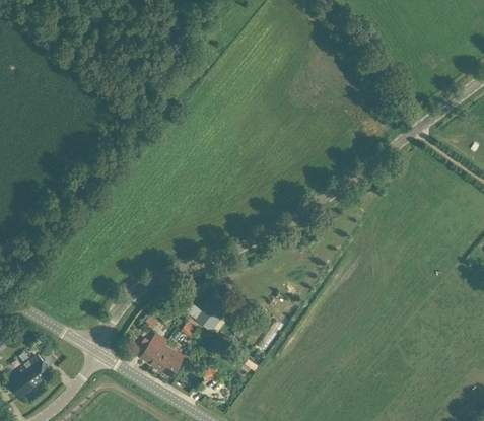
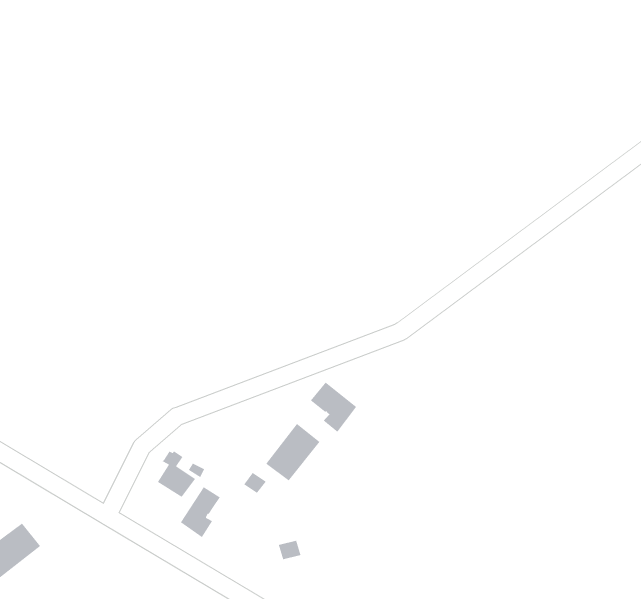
building: none -> [310,381,357,433]
building: [154,346,180,376] -> [157,451,196,498]

